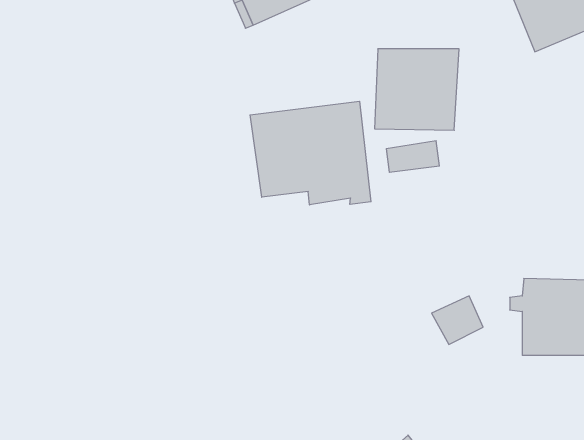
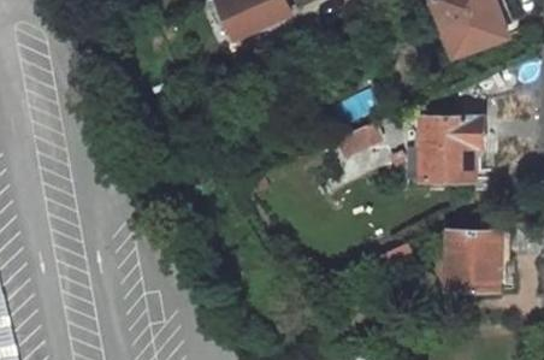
building: [375,49,459,130] -> [416,117,481,179]
building: [250,101,371,205] -> none

